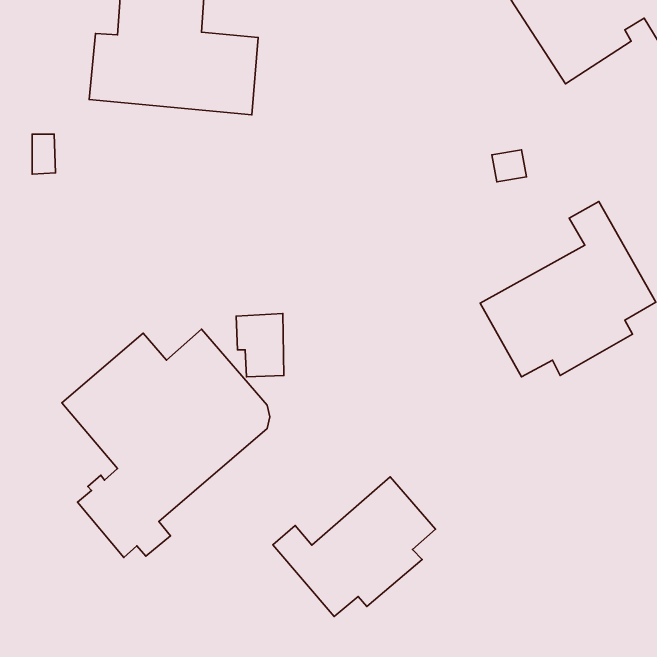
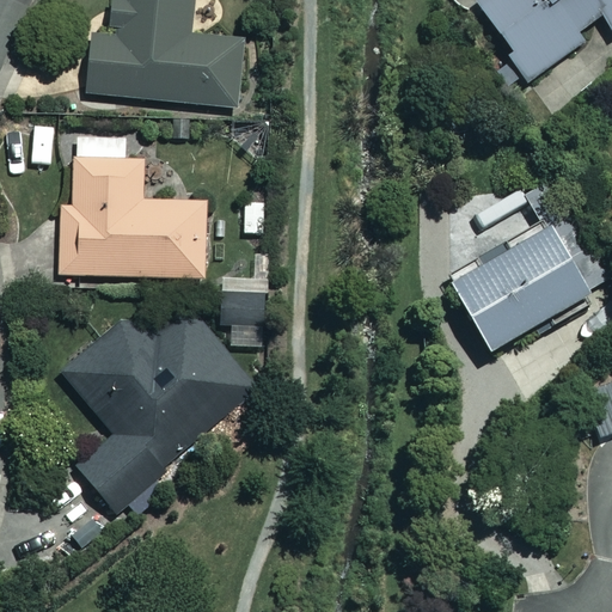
building: none -> [61,135,204,276]
building: [273,477,435,617] -> none

